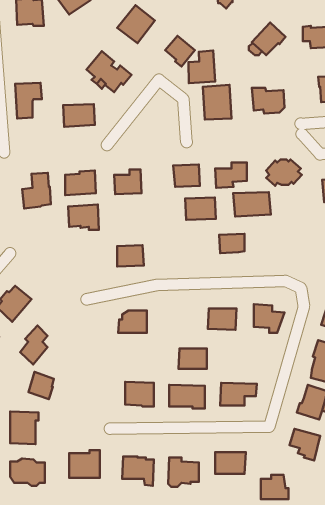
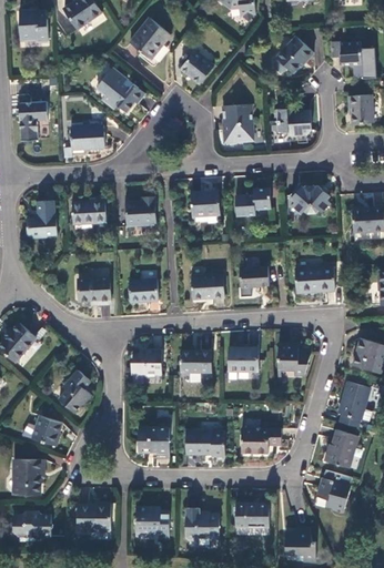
building: [188,50,215,83] -> none
building: [233,192,271,216] -> [294,266,335,293]
building: [185,198,216,220] -> [191,274,224,298]
building: [68,204,99,230] -> [77,276,110,304]
building: [20,326,48,364] -> [59,371,89,413]
building: [178,348,207,369] -> [180,349,211,372]

